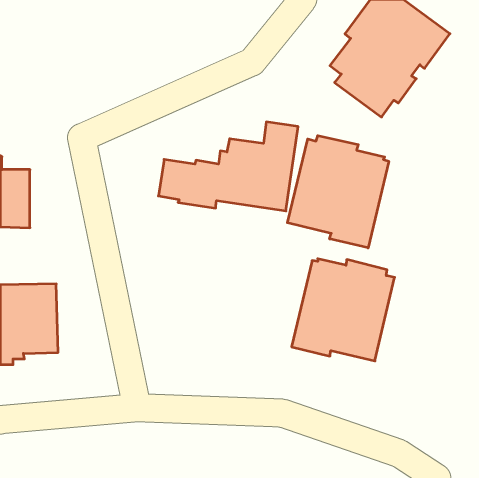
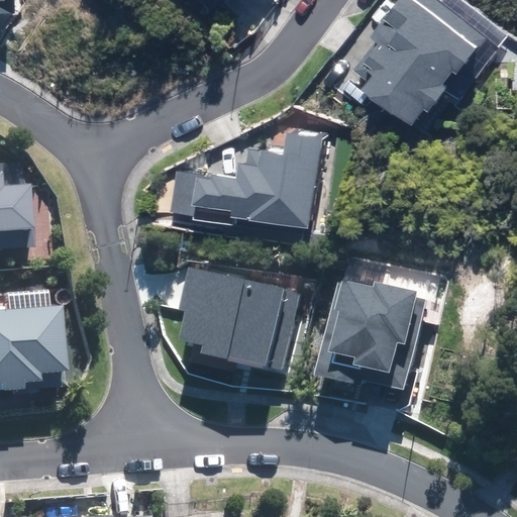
building: [287,136,389,248] -> none
building: none -> [179,267,300,370]

